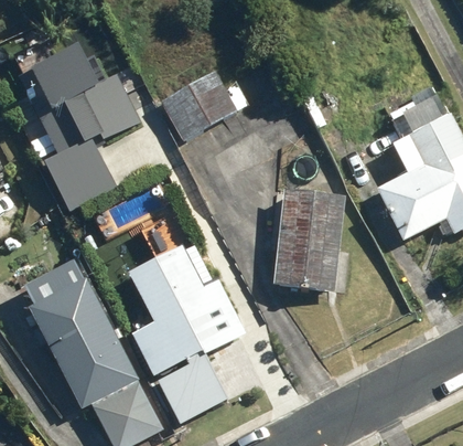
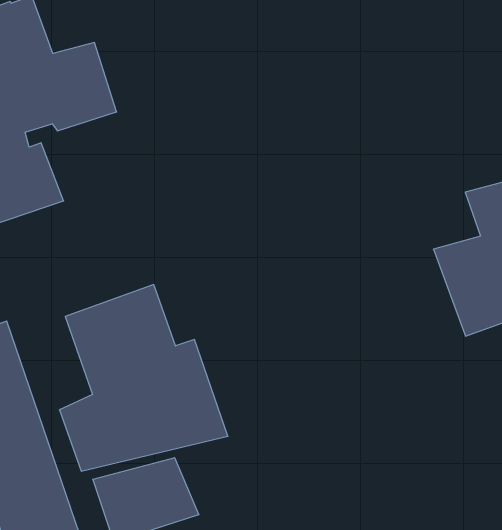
building: [158,74,232,142] -> none
building: [274,188,341,285] -> none

